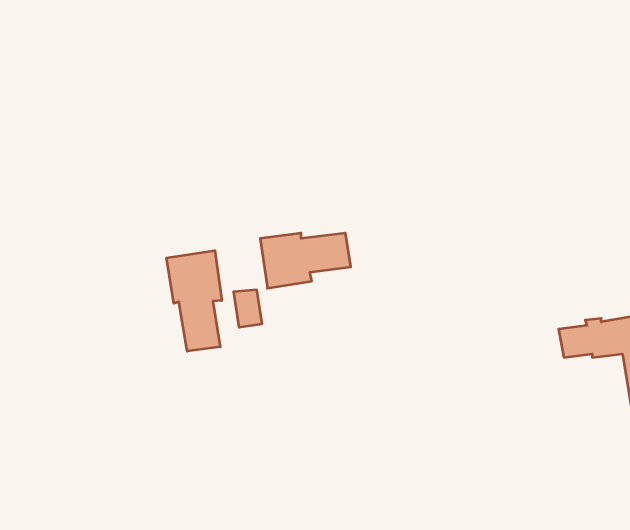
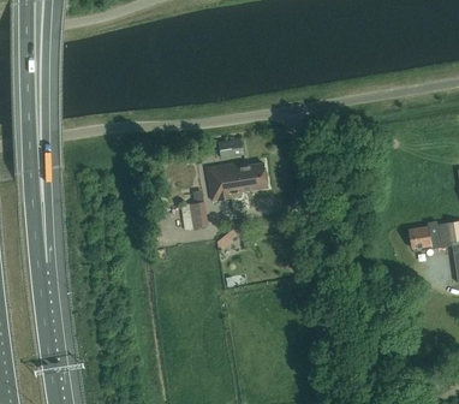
building: [167,251,222,351] -> none

